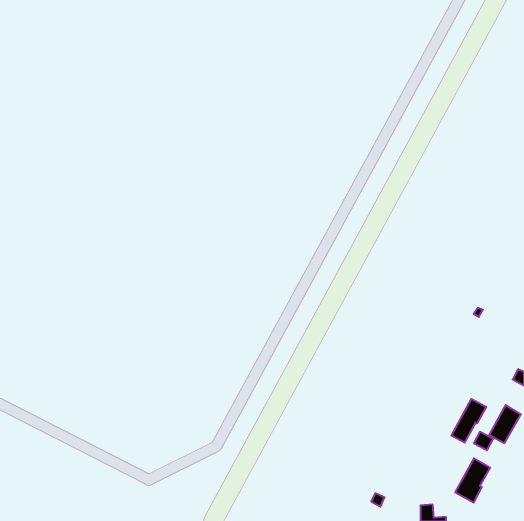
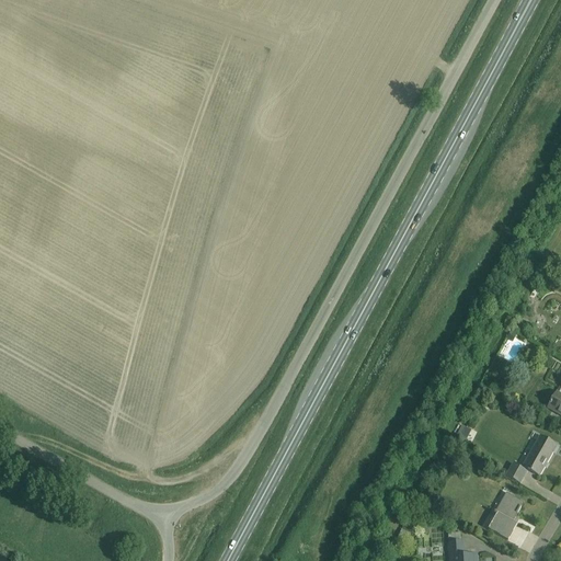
building: [451,399,486,443] -> none

